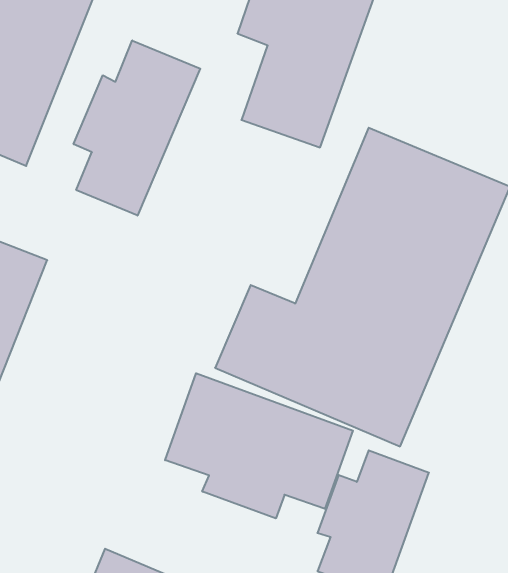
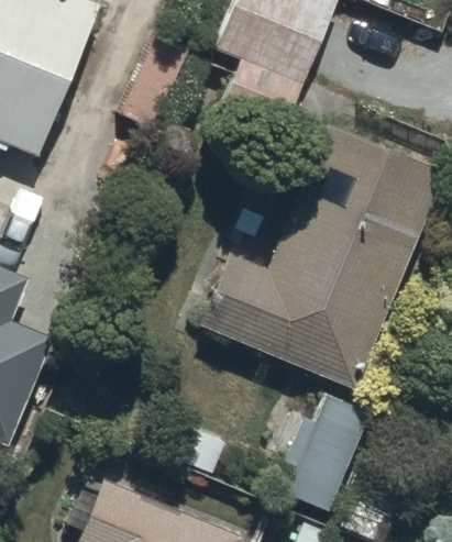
building: [74,40,200,216] -> none
building: [165,373,353,518] -> none

